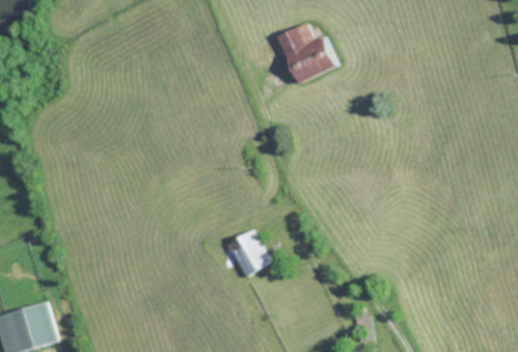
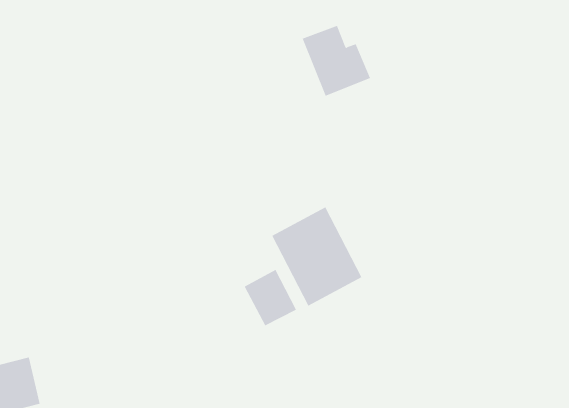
building: none -> [272,207,362,307]

